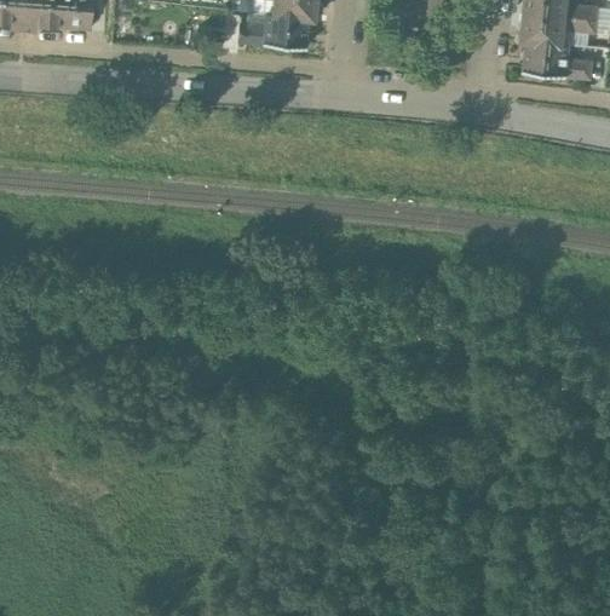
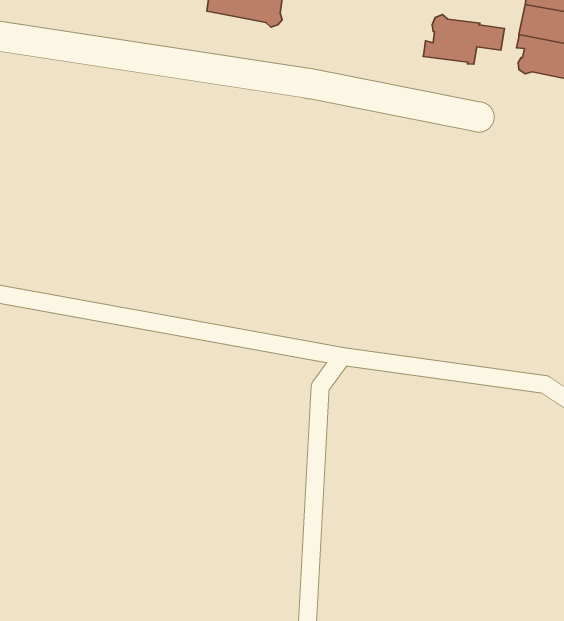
building: none -> [423,15,505,64]

